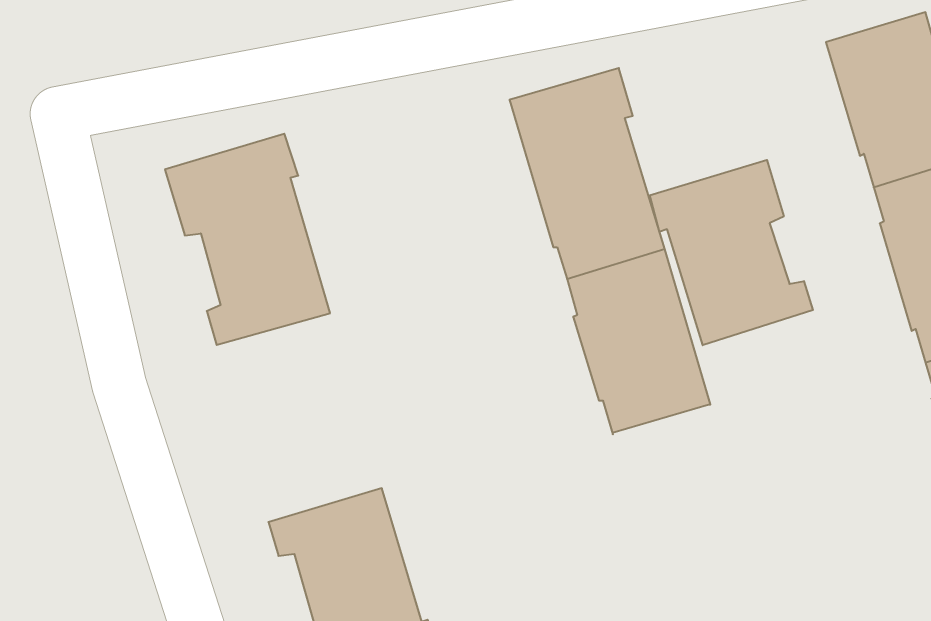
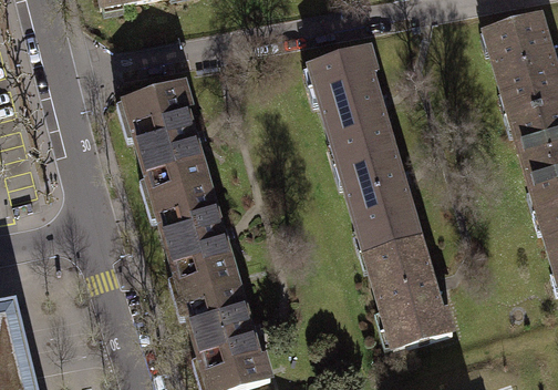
building: [650,160,813,345] -> none
building: none -> [146,182,238,298]
building: none -> [366,233,454,348]

